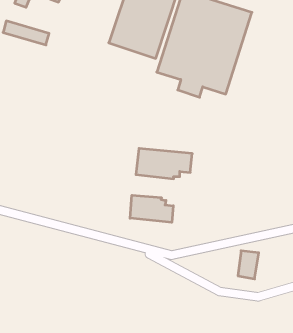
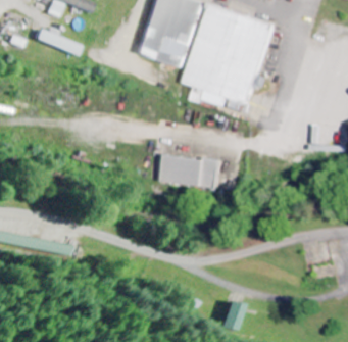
building: [130,195,173,222] -> none
building: [238,251,259,279] -> [227,302,247,330]

